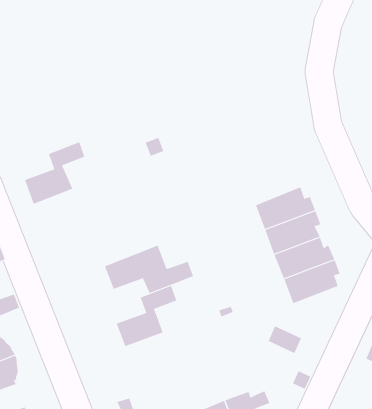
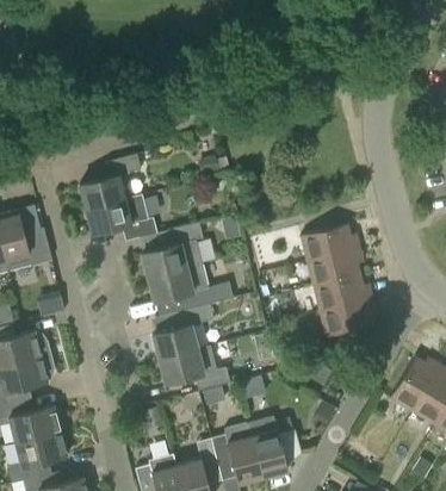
building: none -> [85,195,156,242]
building: none -> [141,223,203,278]
building: none -> [157,349,229,391]

